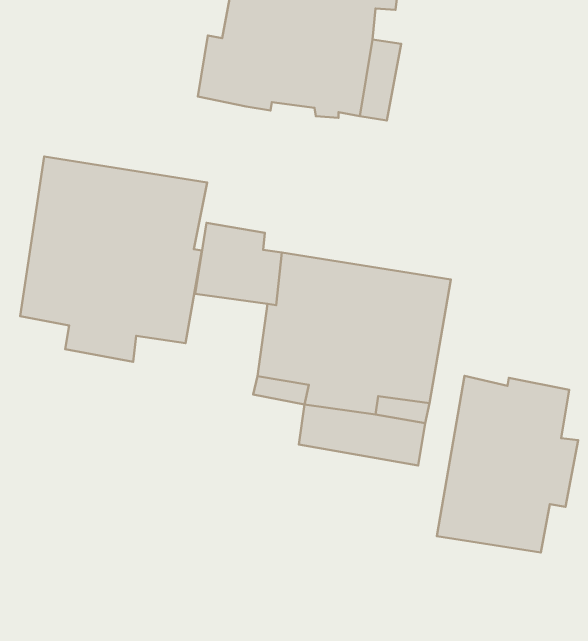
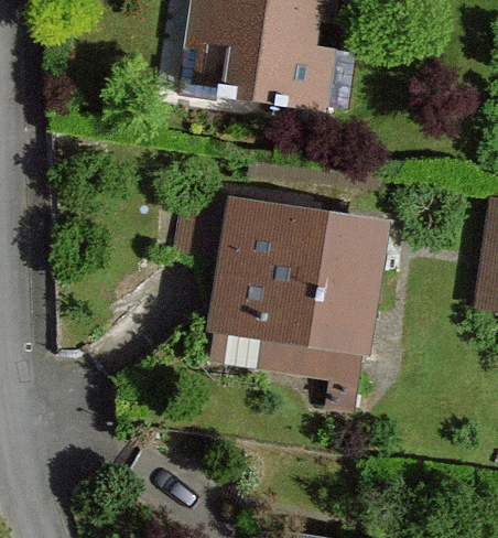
building: [20,156,207,362] -> none
building: [437,376,578,552] -> none

